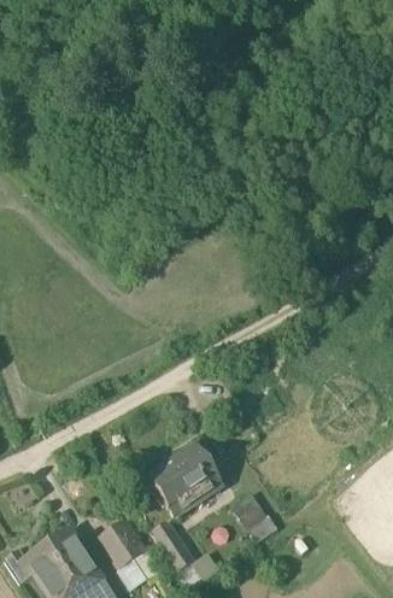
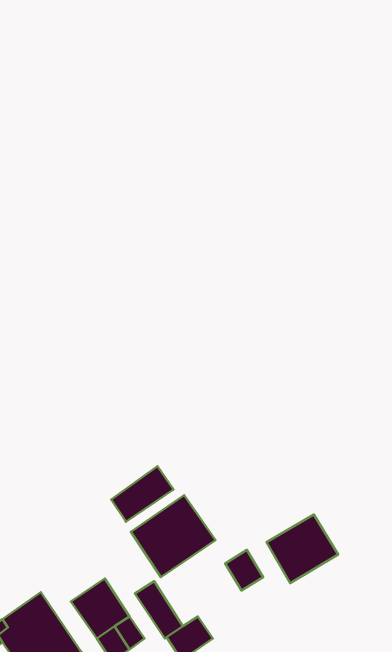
building: none -> [111,466,174,522]
building: none -> [267,515,338,583]

